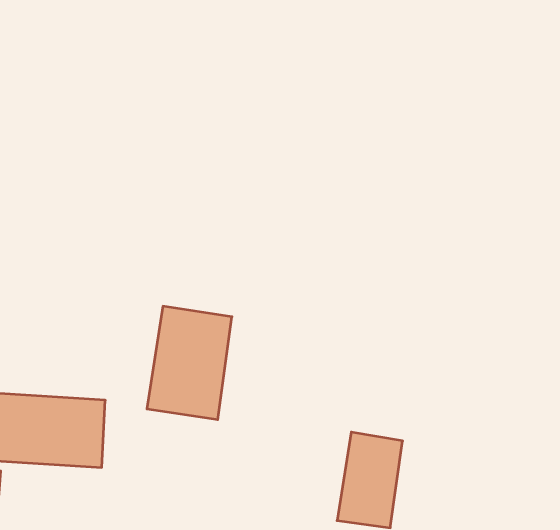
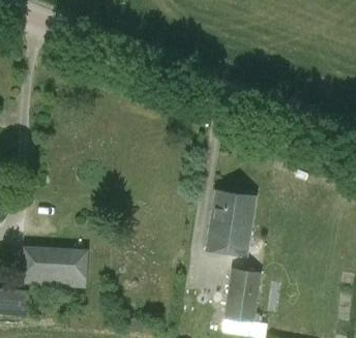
building: [147,306,232,420] -> [205,190,255,256]

